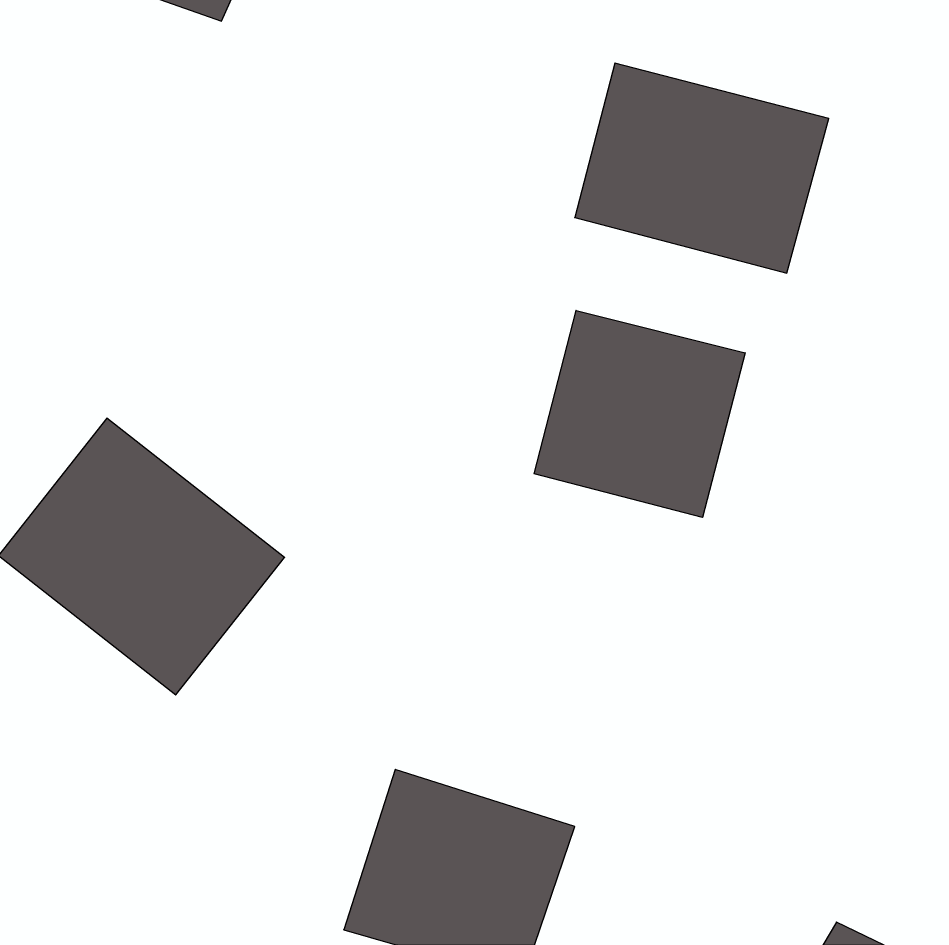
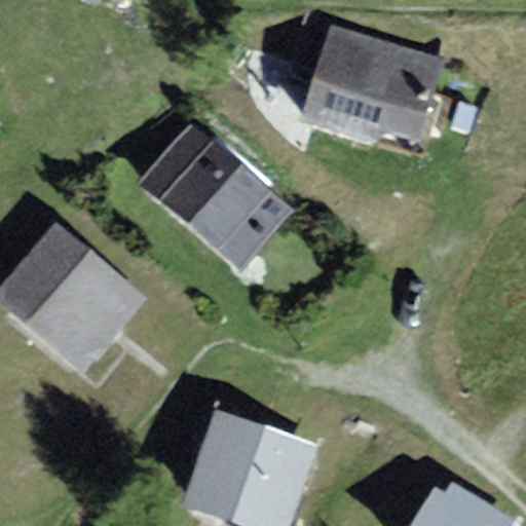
building: none -> [128,130,280,269]
building: [534,310,745,517] -> none

